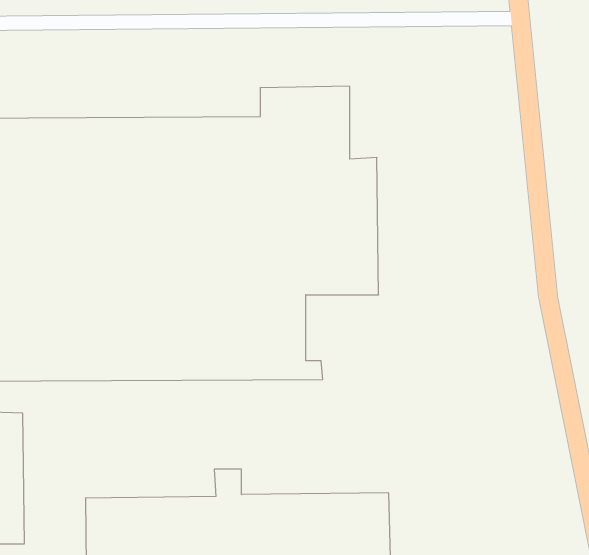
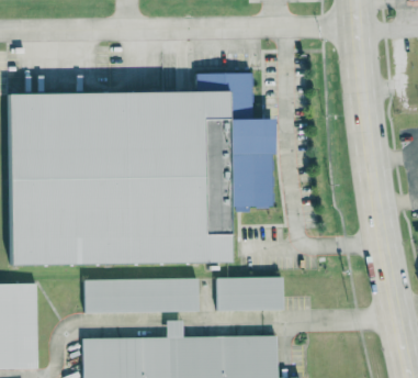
building: none -> [216,276,287,310]
building: none -> [83,277,202,312]

